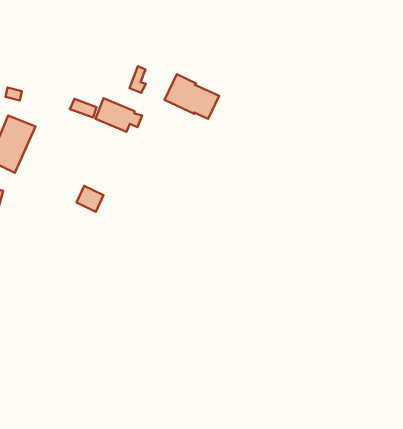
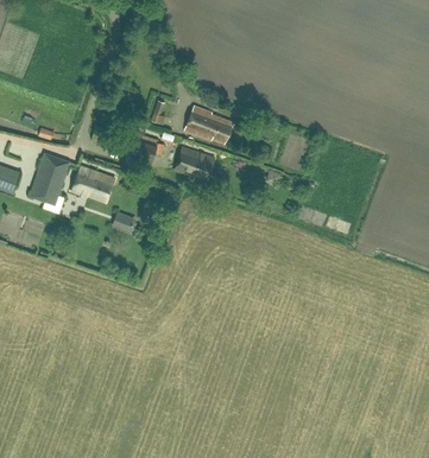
building: none -> [175,147,214,180]
building: none -> [71,166,115,203]

